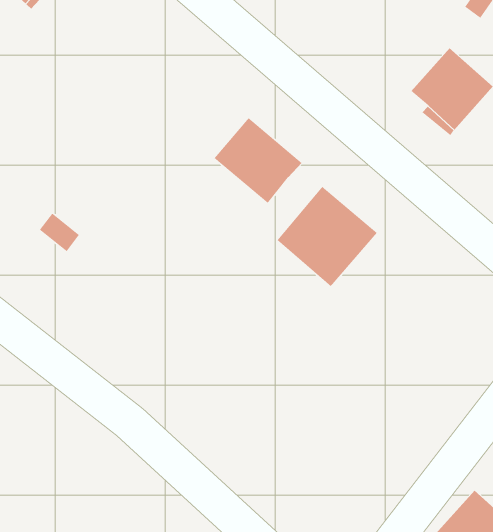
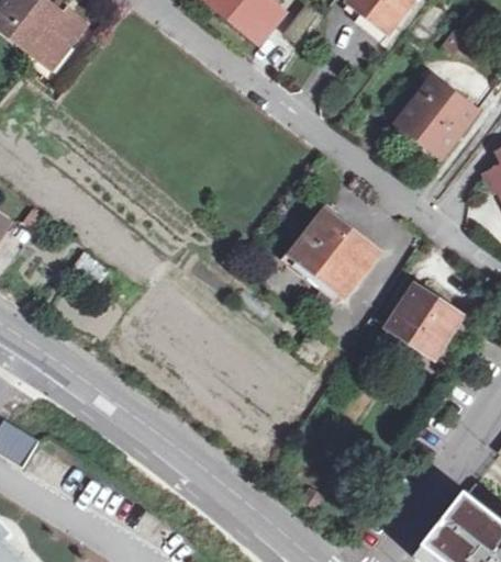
building: [214,117,302,204] -> none
building: none -> [390,289,461,357]

